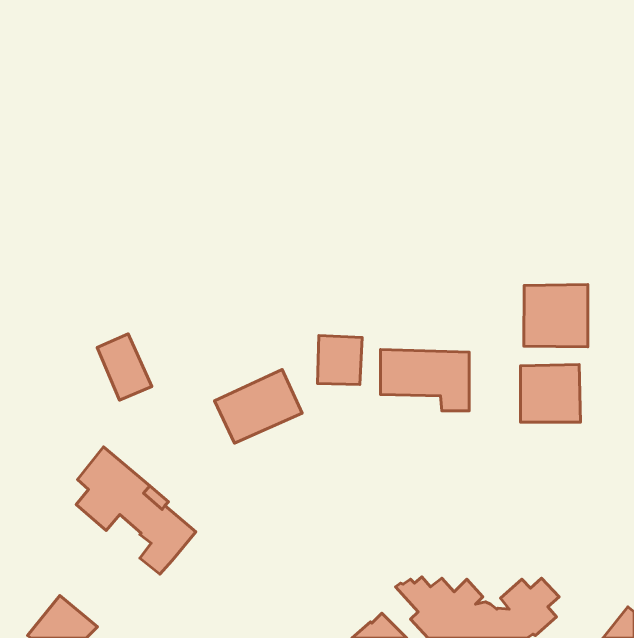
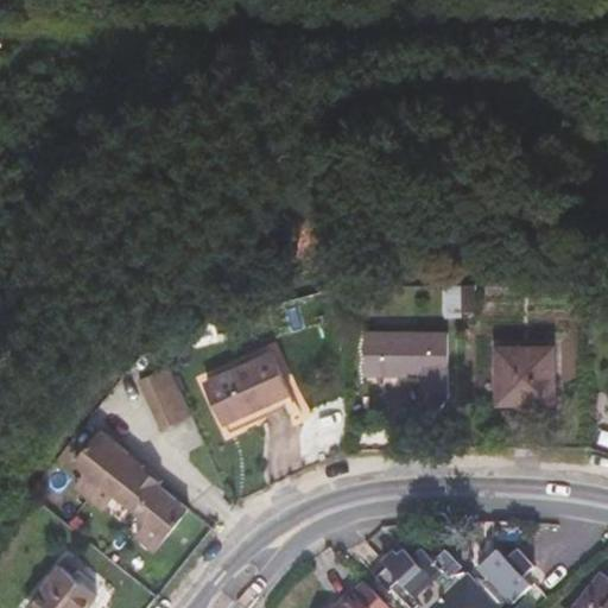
building: [524,285,588,347] -> none
building: [97,334,152,400] -> [138,366,190,429]
building: [318,335,362,385] -> none

